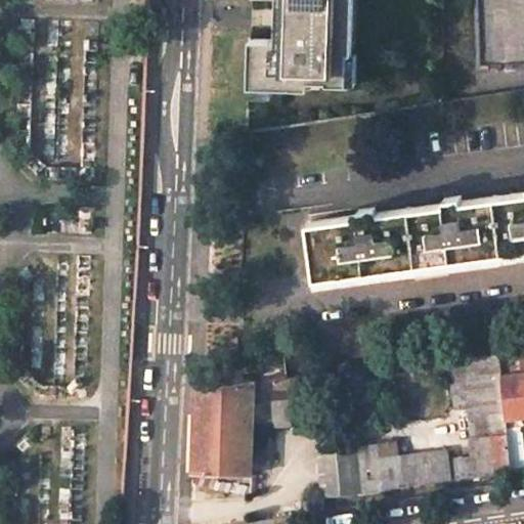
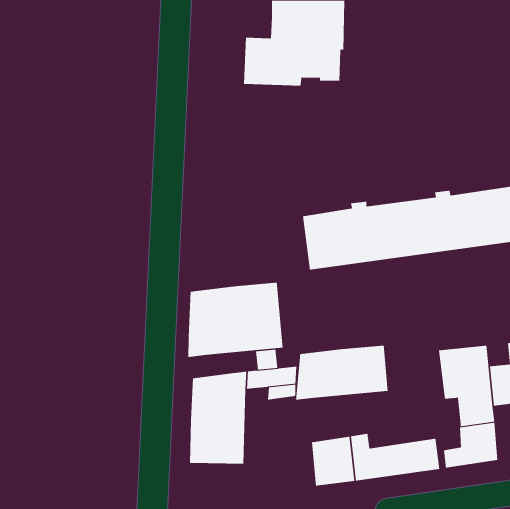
building: none -> [188,282,283,358]
building: none -> [296,345,388,401]

